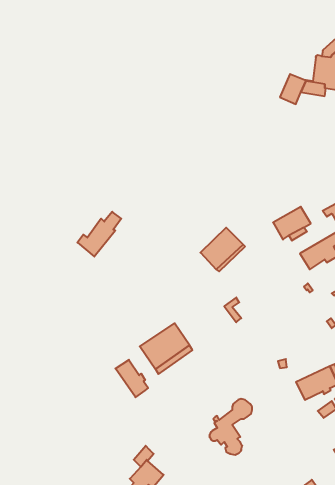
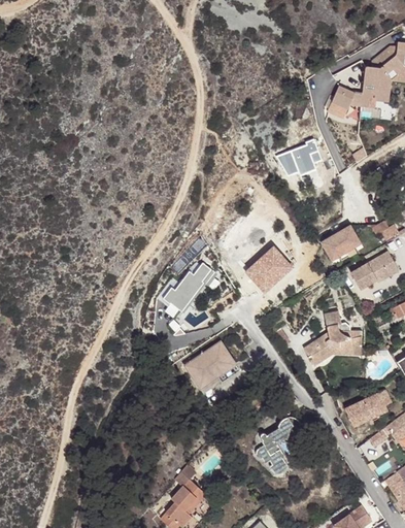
building: none -> [277,138,322,176]
building: [77,212,121,257] -> [166,264,211,310]
building: none -> [301,310,360,365]
building: [115,360,148,397] -> none

